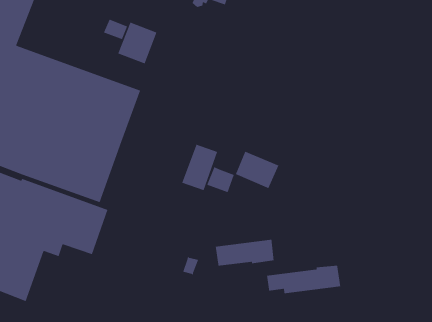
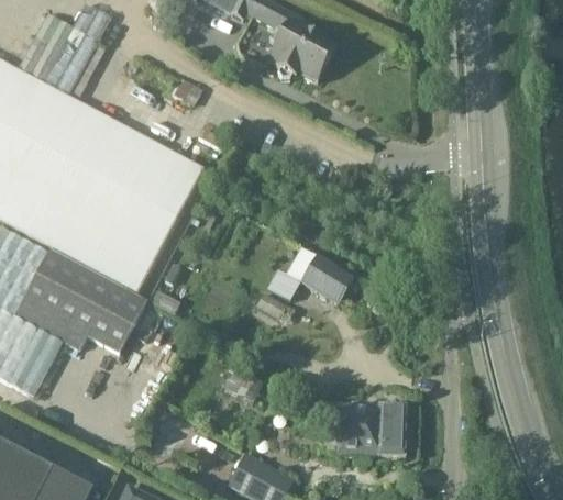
building: [117,21,157,65] -> none
building: [181,143,218,191] -> none
building: [215,239,274,266] -> [338,430,406,457]

